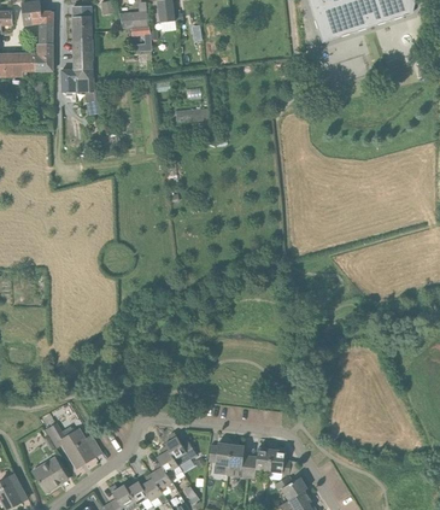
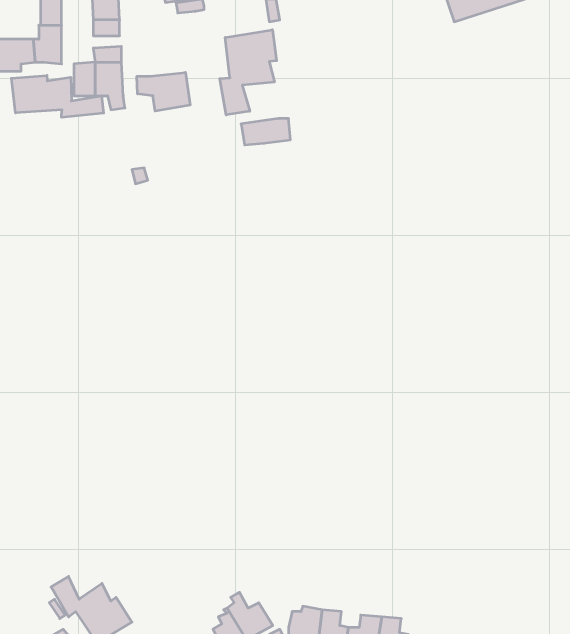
building: none -> [220,30,277,115]
building: none -> [137,72,190,111]
building: none -> [11,75,104,117]

